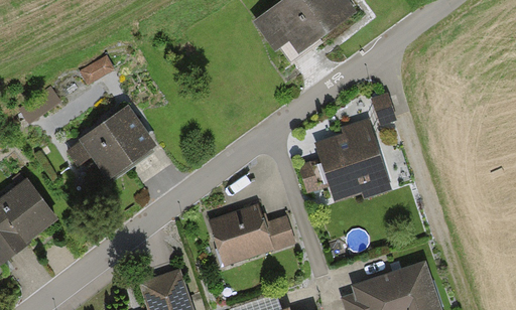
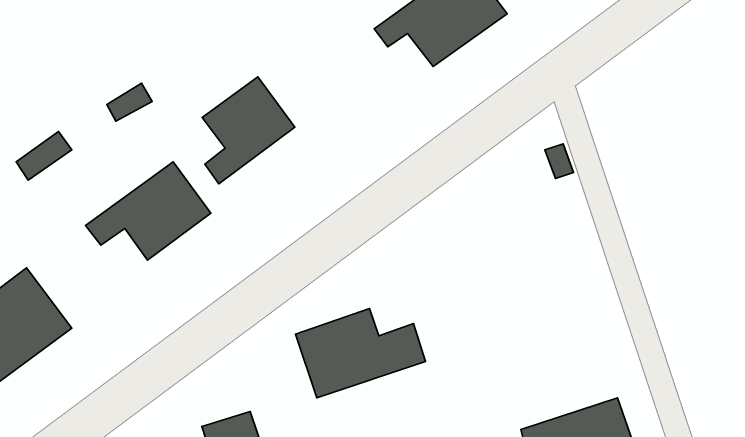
building: none -> [202,77,295,184]
building: [303,133,383,194] -> none

